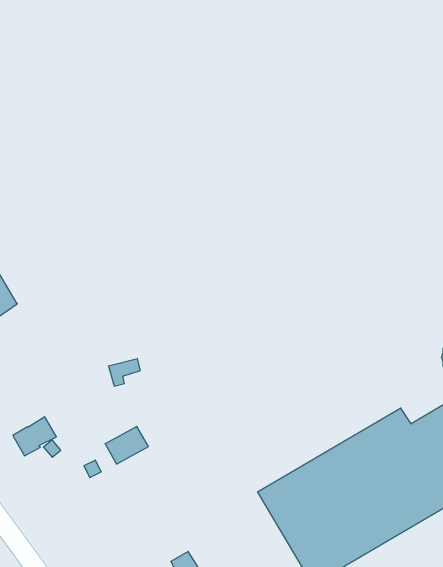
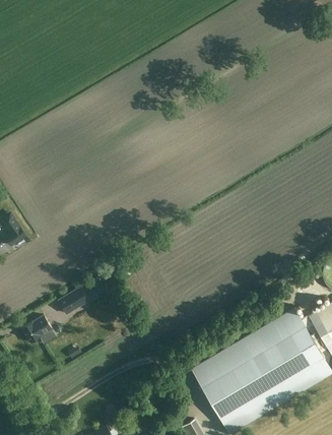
building: [105,426,148,464] -> [57,288,87,314]

